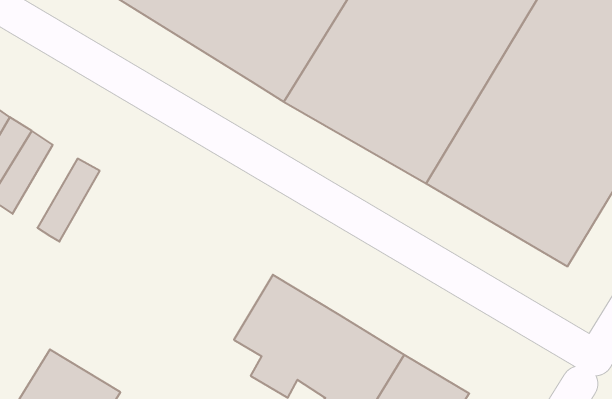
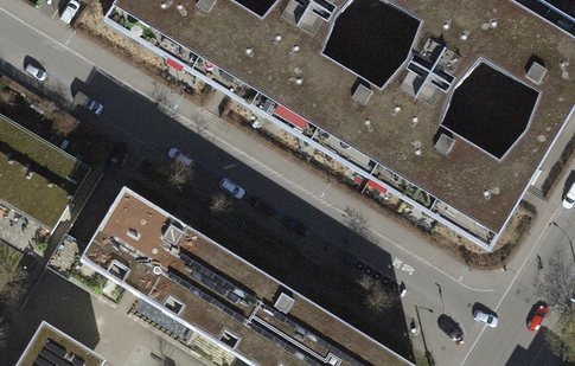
building: none -> [13,145,69,216]
building: none -> [89,186,236,325]

